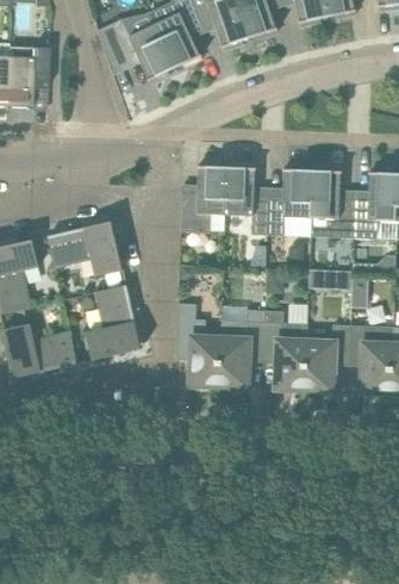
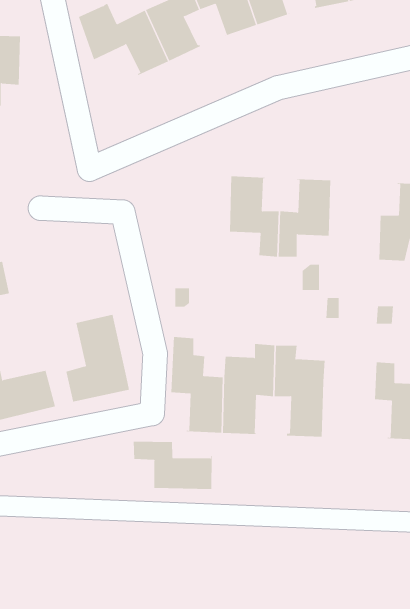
building: [180,164,226,232] -> none
building: [311,169,354,237] -> none
building: [48,220,123,275] -> none
building: [305,324,350,390] -> none
building: none -> [133,441,212,490]

